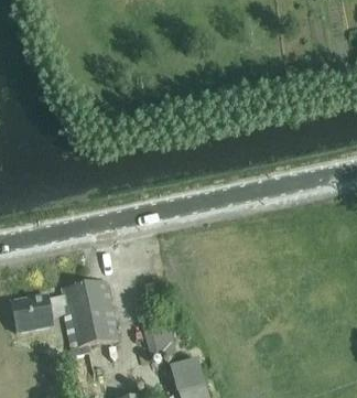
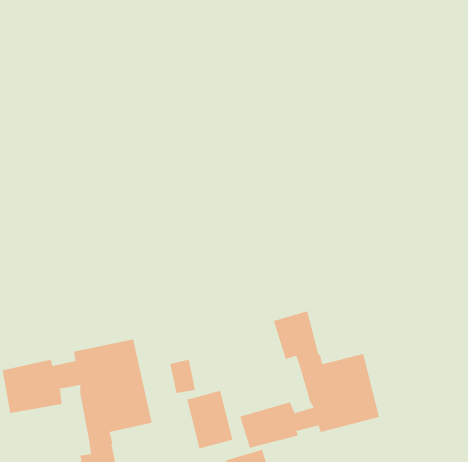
building: none -> [239,310,380,449]

